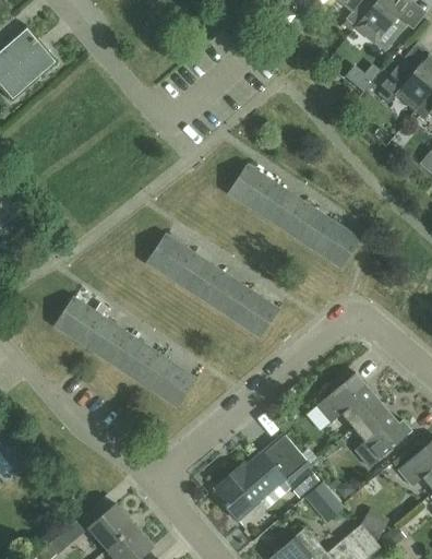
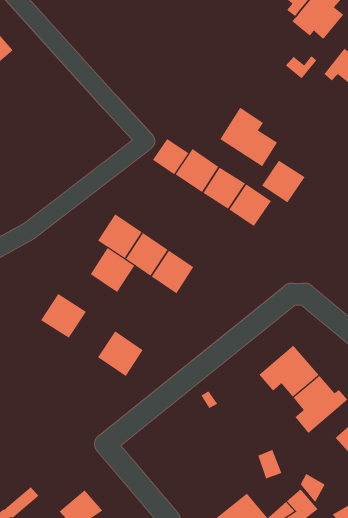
building: none -> [219,107,278,167]
building: none -> [152,138,189,175]
building: [312,221,359,266] -> [261,160,305,203]
building: [230,290,277,337] -> none
building: [55,296,105,346] -> none
building: [117,337,165,385] -> [90,247,135,293]
building: [214,433,317,520] -> none
building: [87,503,133,548] -> none

